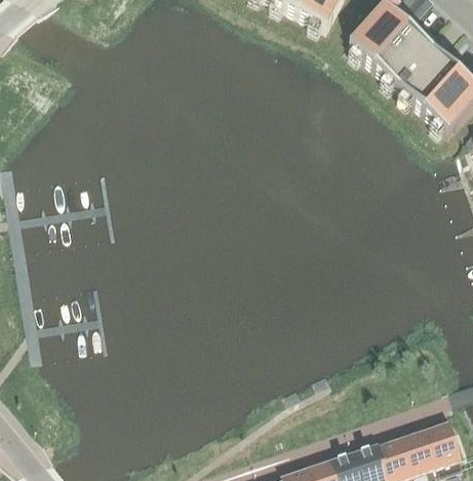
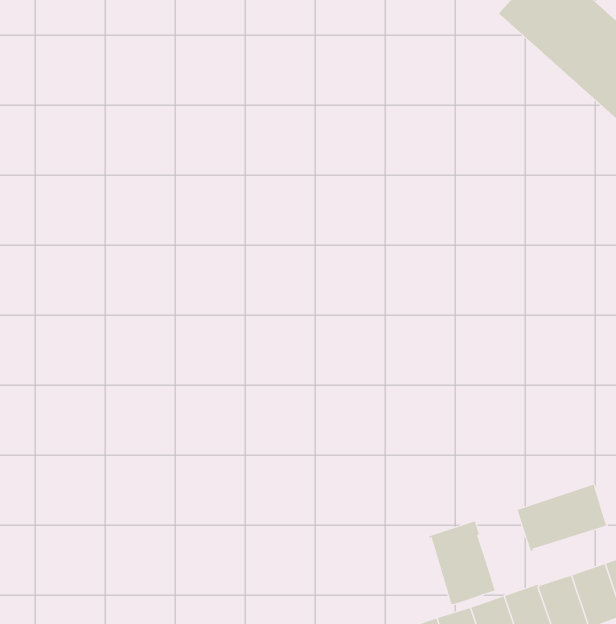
building: none -> [517,484,607,552]
building: none -> [428,521,495,605]

